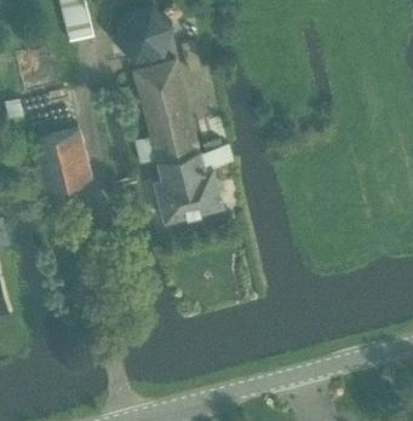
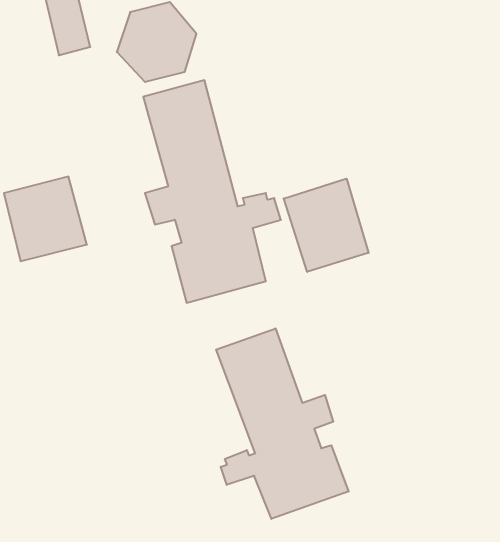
building: none -> [284,179,369,272]
building: none -> [216,328,349,519]

